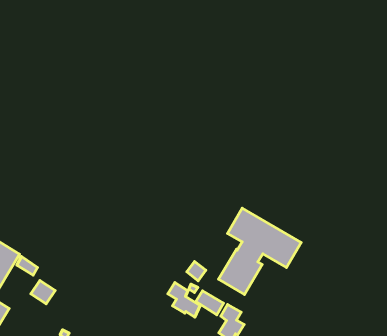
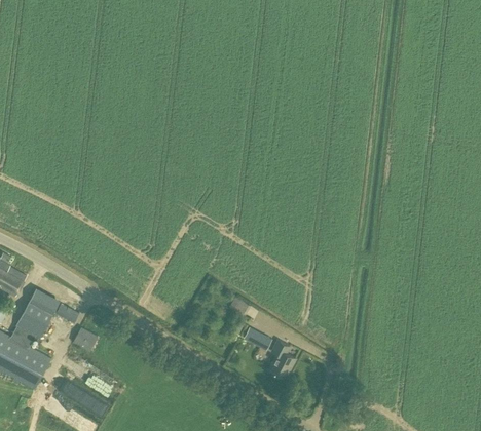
building: [219,208,301,295] -> none
building: [168,283,200,317] -> none

